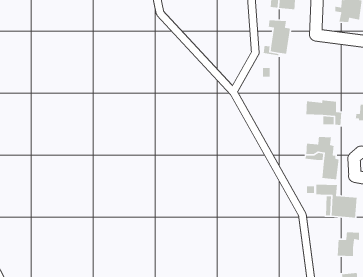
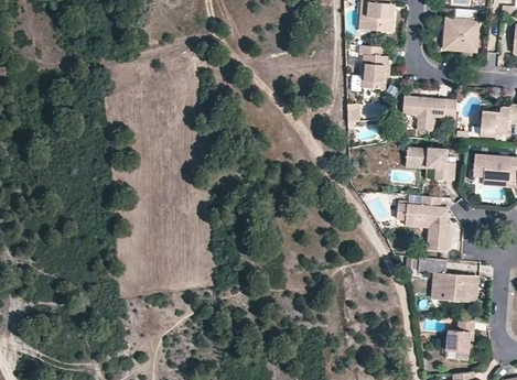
building: none -> [412,93,457,130]

